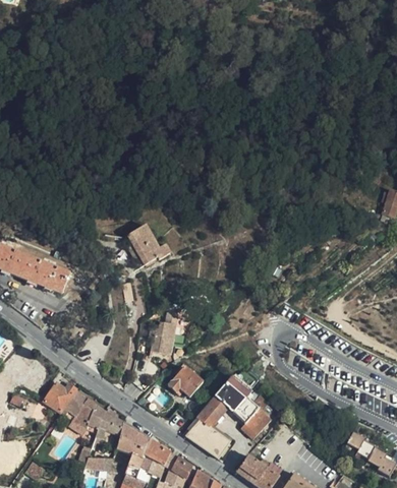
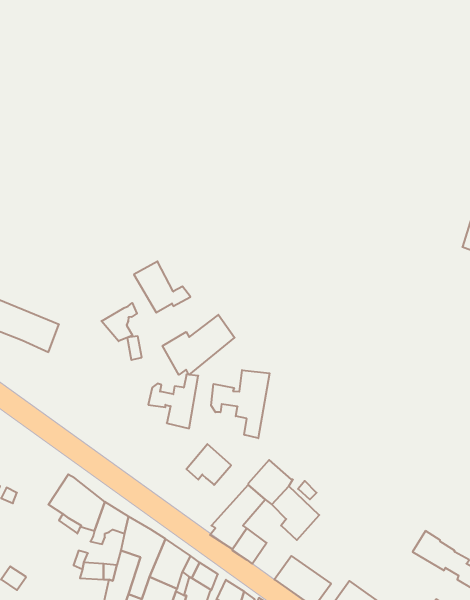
building: none -> [101,303,137,341]
building: none -> [163,315,235,375]
building: none -> [211,370,270,438]
building: [44,382,76,413] -> none

